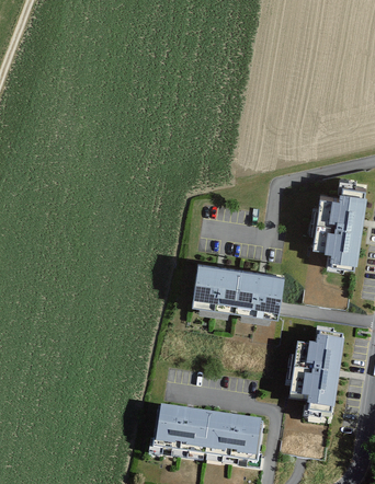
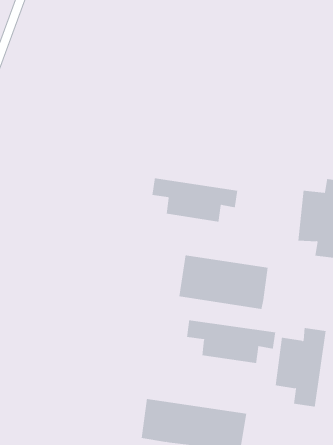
building: none -> [152,177,238,223]
building: none -> [187,320,276,364]

